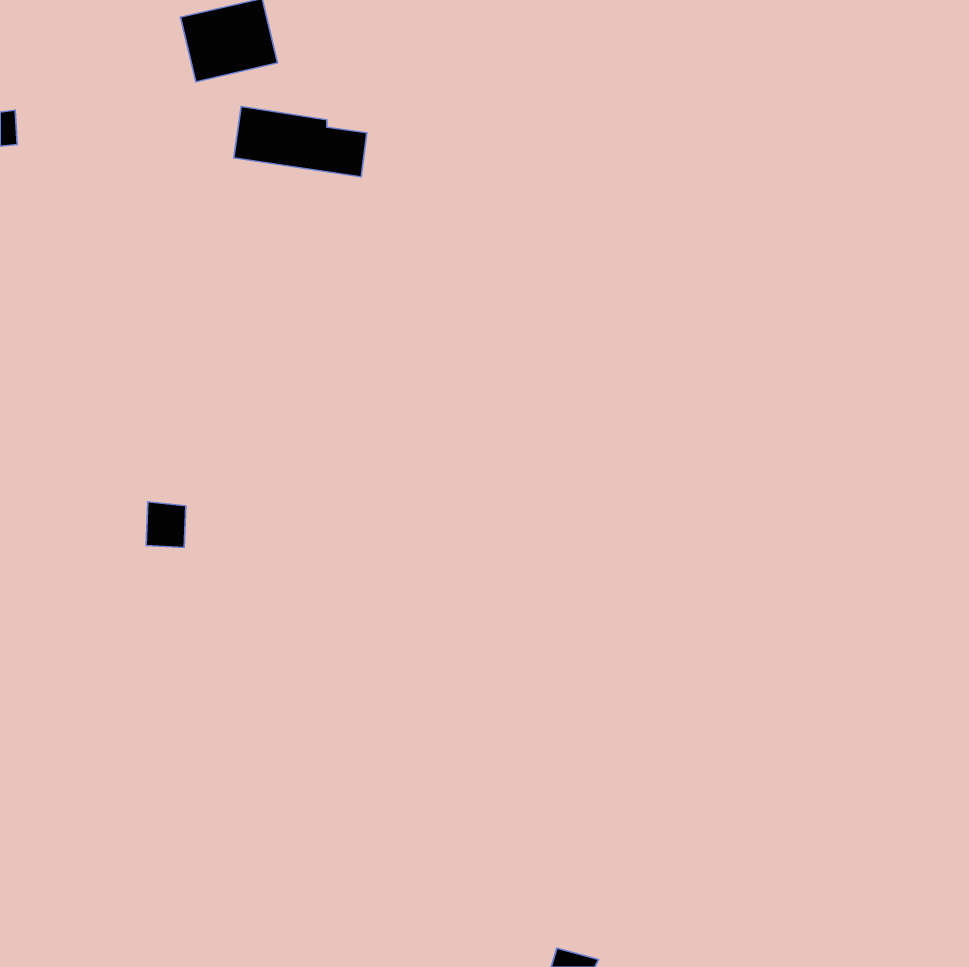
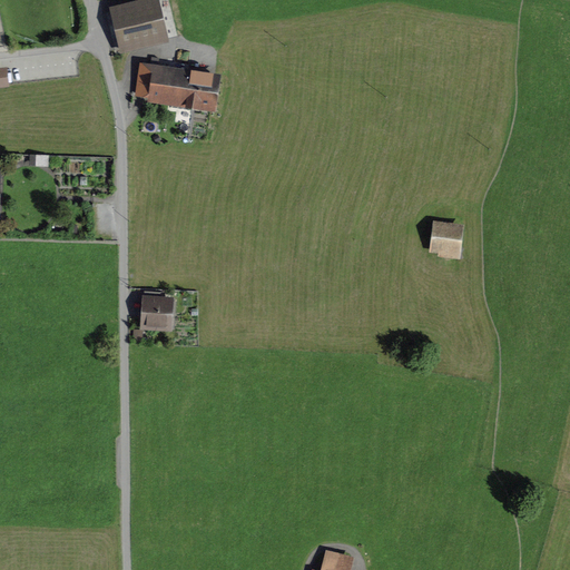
building: none -> [434,223,460,255]
building: [146,502,186,548] -> [146,297,169,324]

